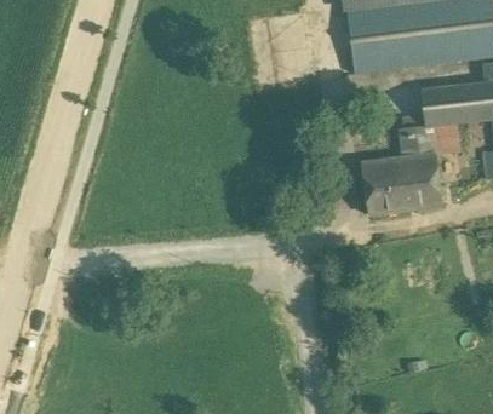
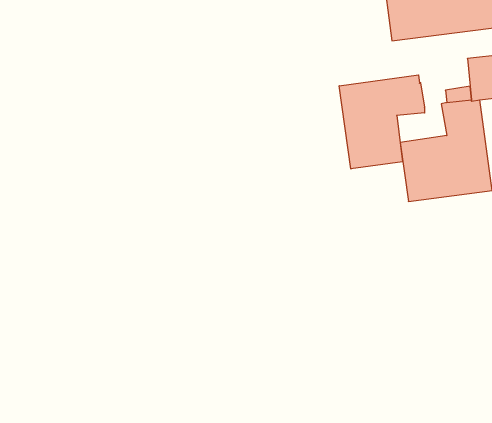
building: none -> [339,75,425,169]

